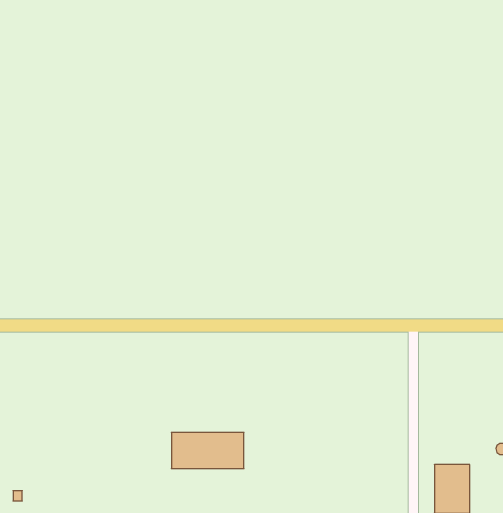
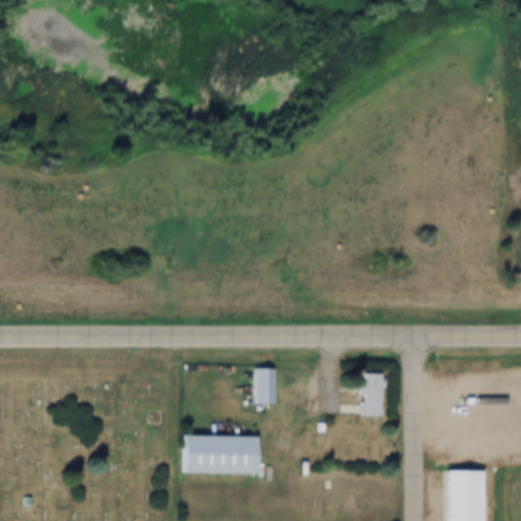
building: none -> [254,368,274,404]
building: none -> [344,373,382,416]

